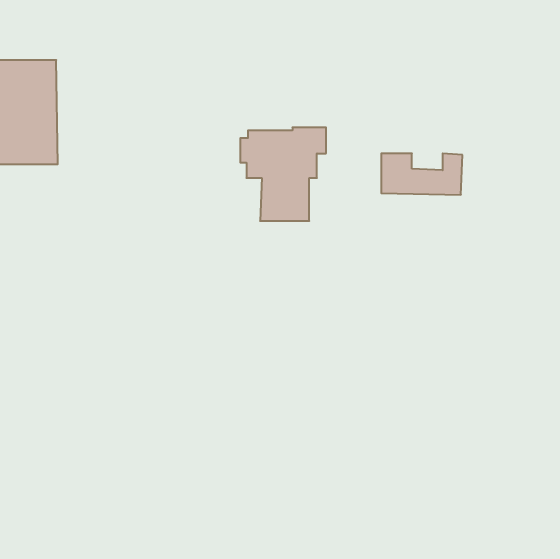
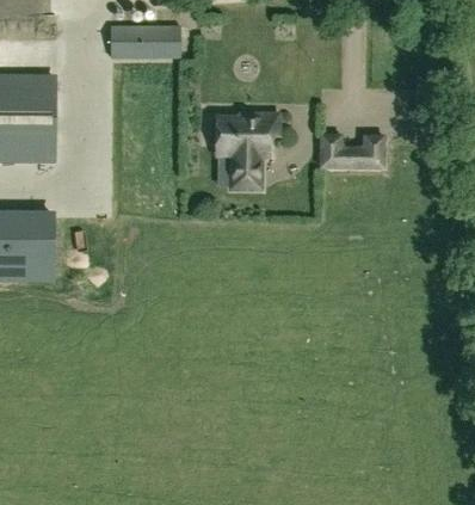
building: none -> [109,26,179,60]
building: none -> [27,218,51,283]

